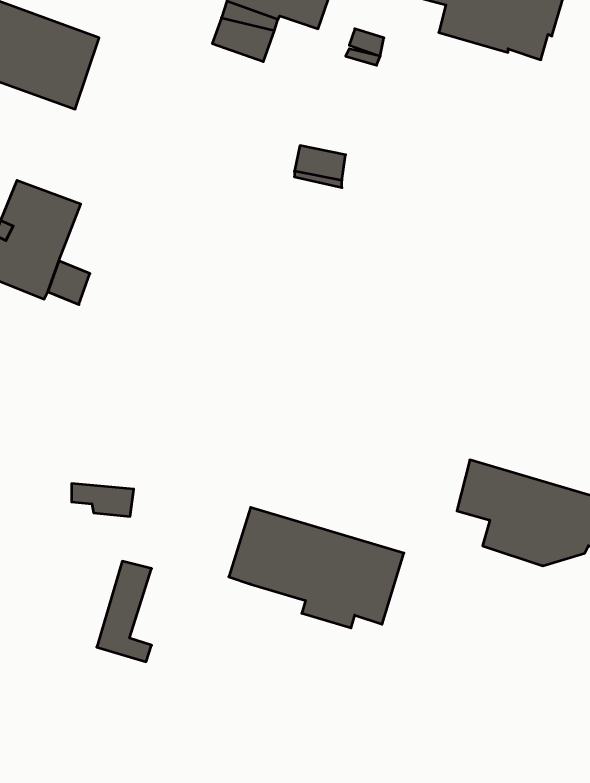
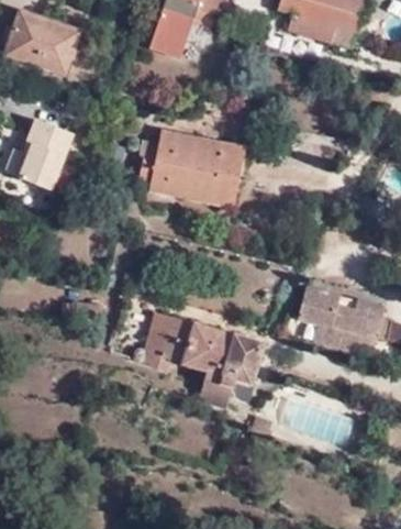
building: none -> [141,128,249,207]
building: [97,561,152,662] -> [141,311,174,372]

